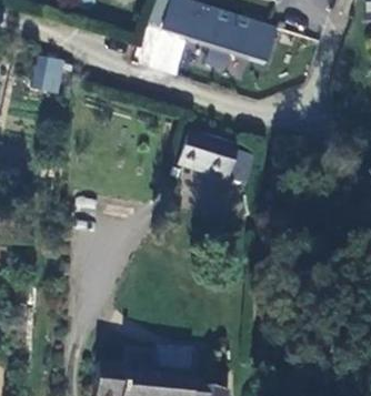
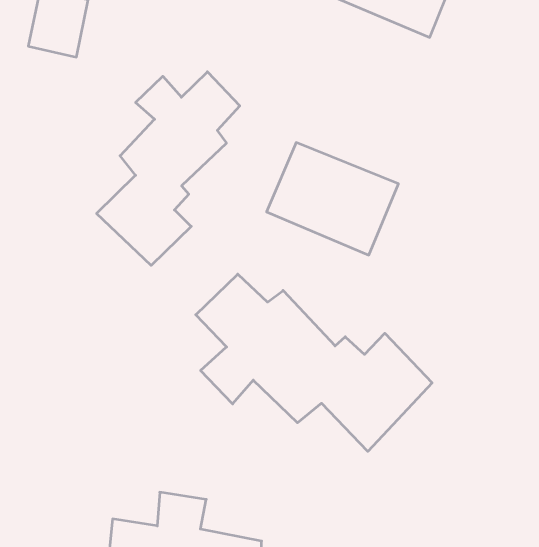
building: none -> [97,72,240,265]
building: none -> [196,274,432,451]

